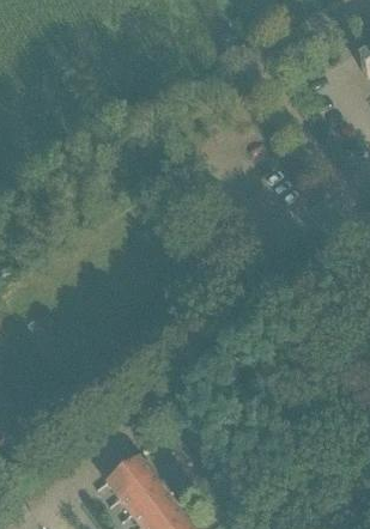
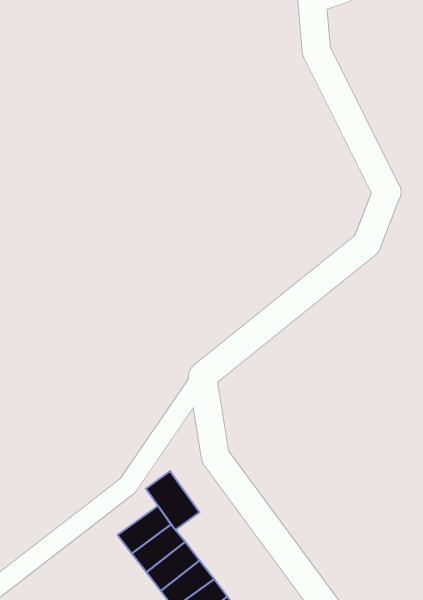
building: none -> [146,471,200,530]

